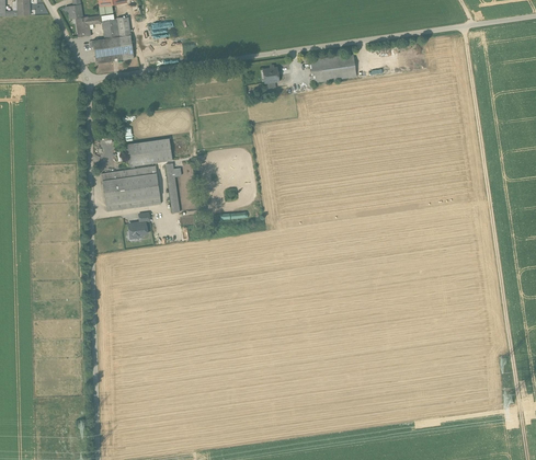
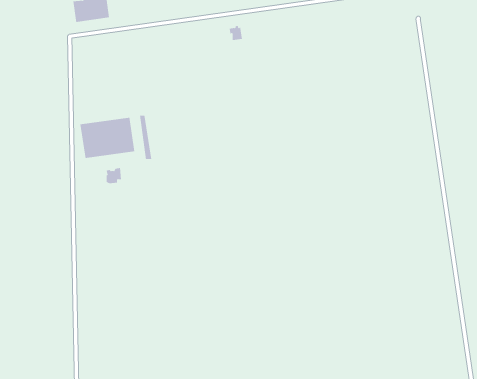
building: [309,55,356,81] -> none
building: [125,138,172,165] -> none

